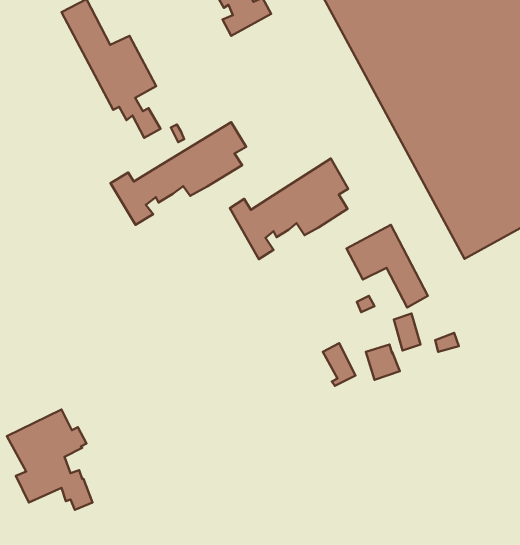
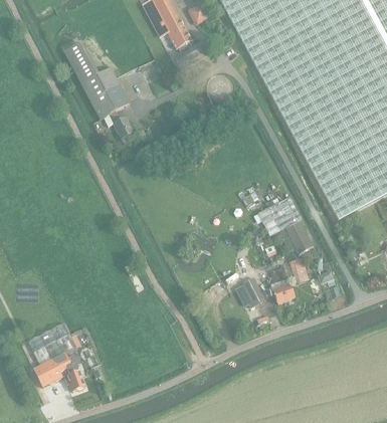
building: [110,122,246,225] -> none
building: [230,159,348,259] -> none

